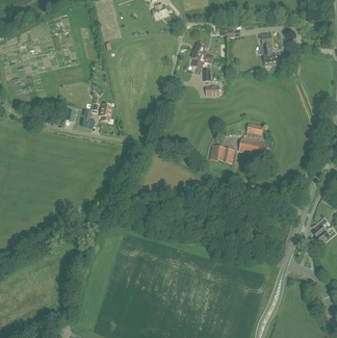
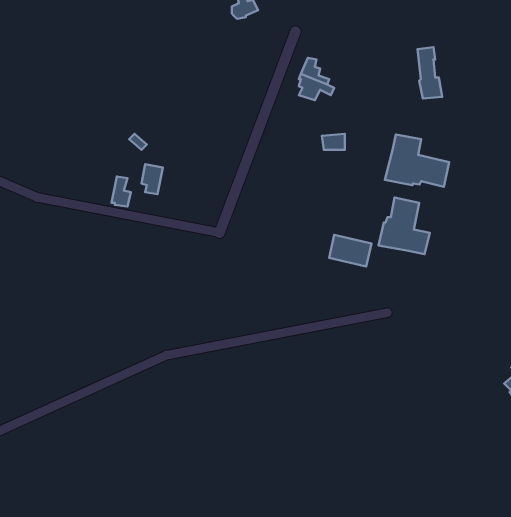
building: none -> [385,134,449,187]

